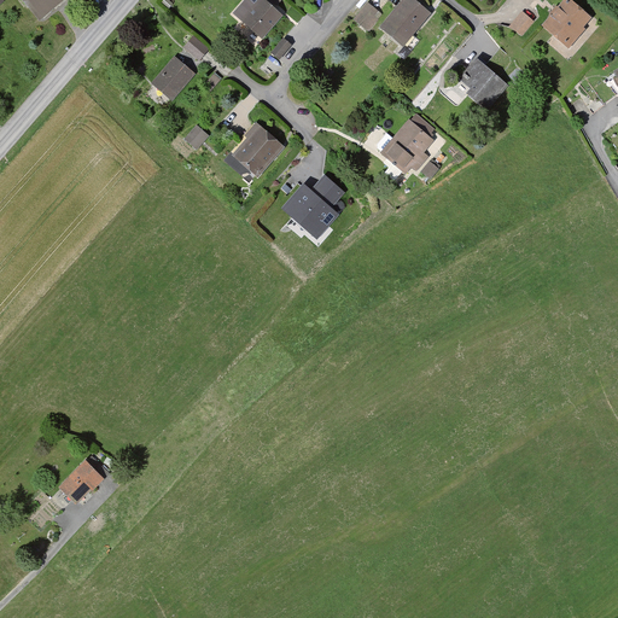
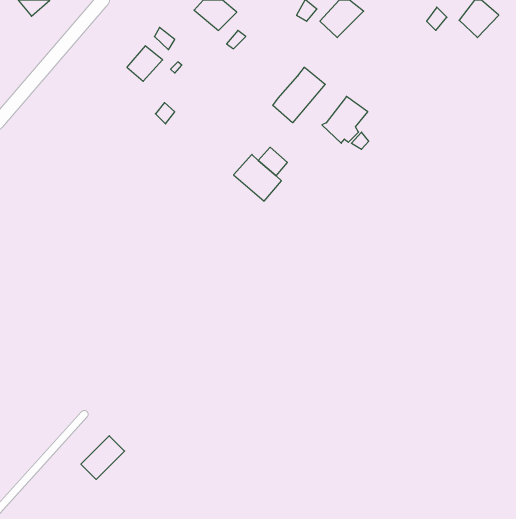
building: [460,59,507,109] -> none
building: none -> [273,67,325,123]
building: [233,124,285,175] -> none
building: [54,459,106,511] -> [81,436,125,479]

